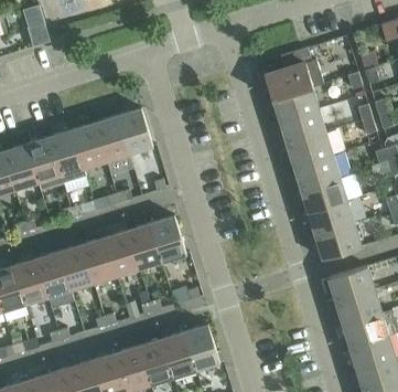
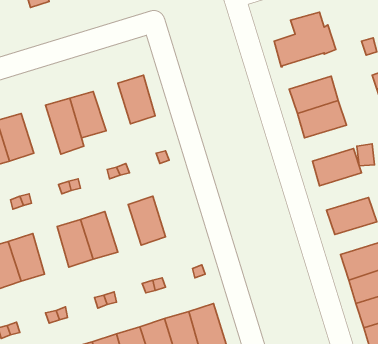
building: [272,87,319,121] -> none
building: [94,116,129,161] -> none
building: [25,137,63,190] -> none
building: [293,156,340,190] -> none
building: [308,201,354,236] -> none
building: [150,215,186,262] -> none
building: [105,231,139,276] -> none
building: [36,252,74,308] -> none

